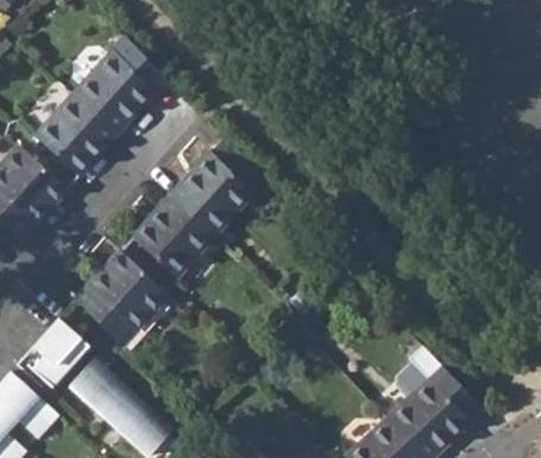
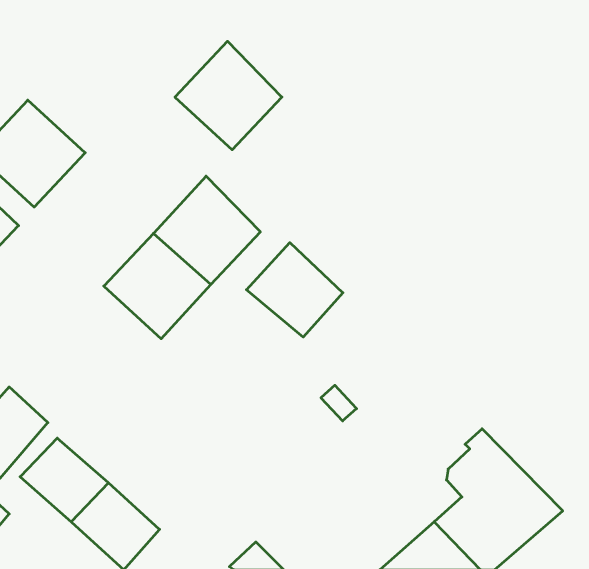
building: [73,51,155,135] -> [175,41,282,150]
building: none -> [246,243,343,337]
building: [76,251,167,344] -> none

